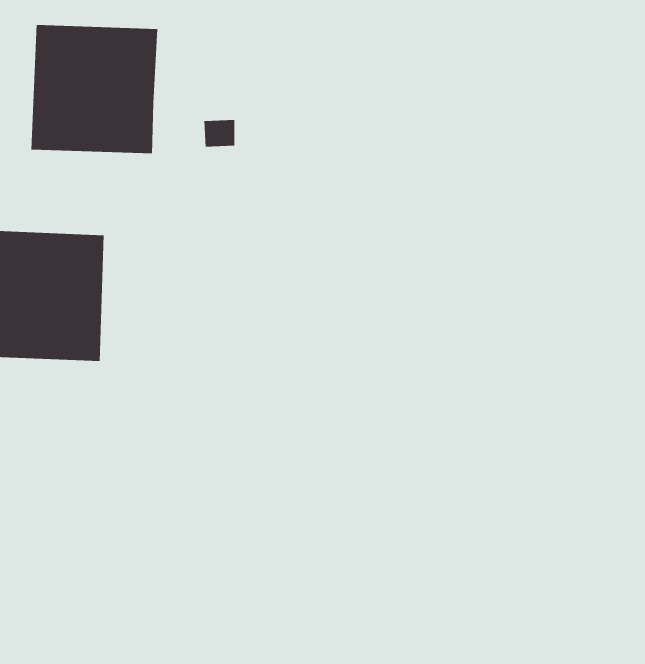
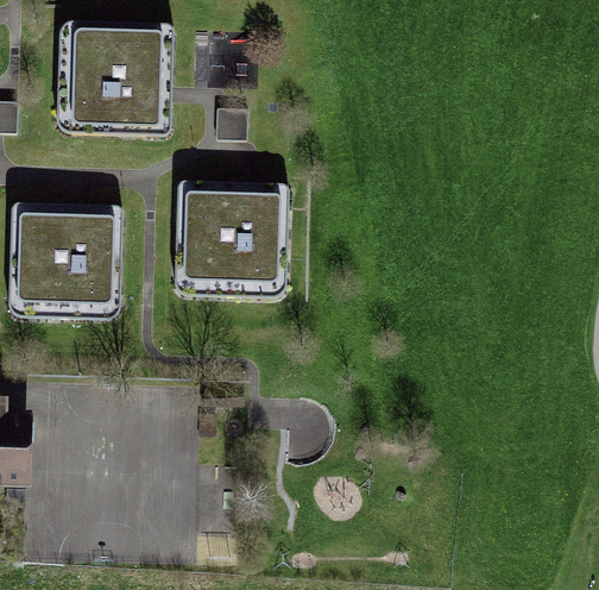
building: none -> [174,181,286,296]

